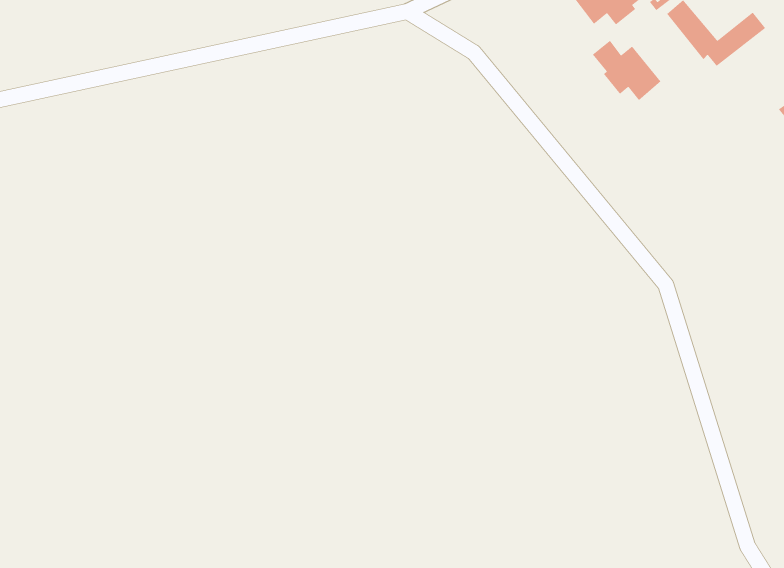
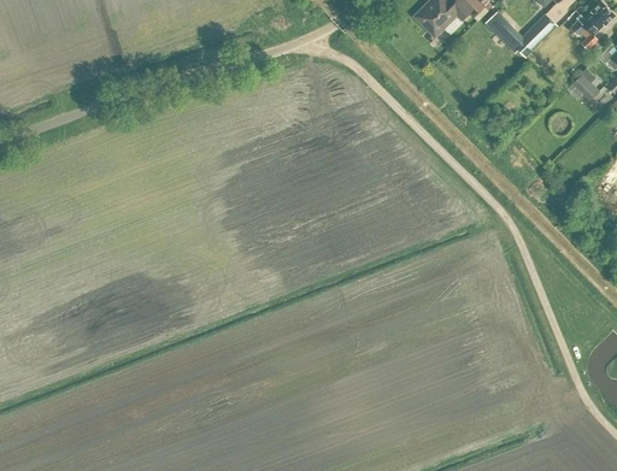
building: [592,40,661,101] -> none

